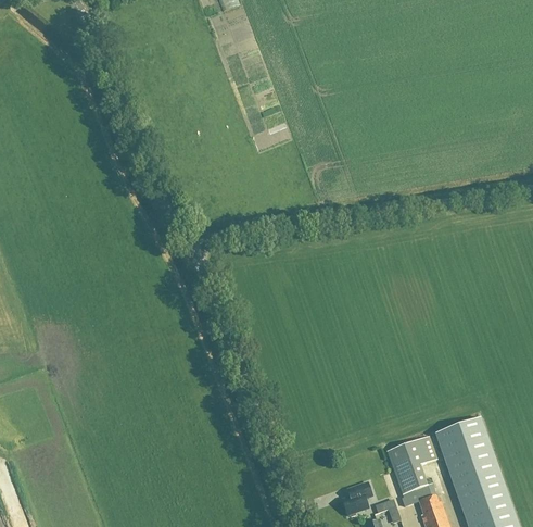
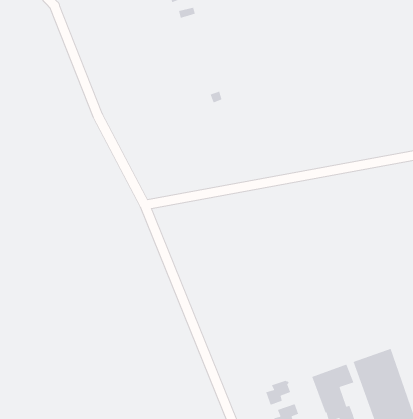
building: none -> [265,380,291,406]

